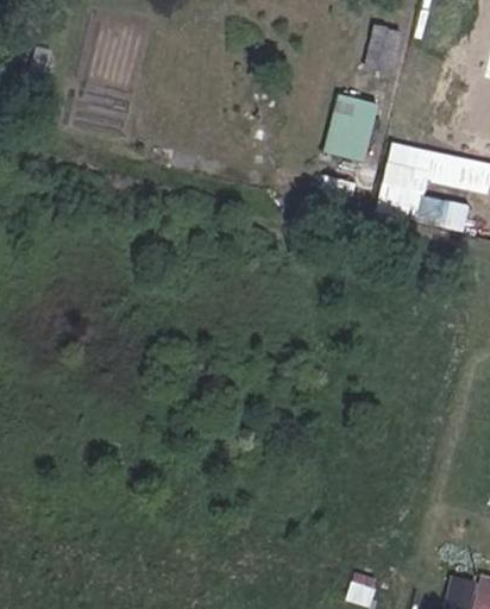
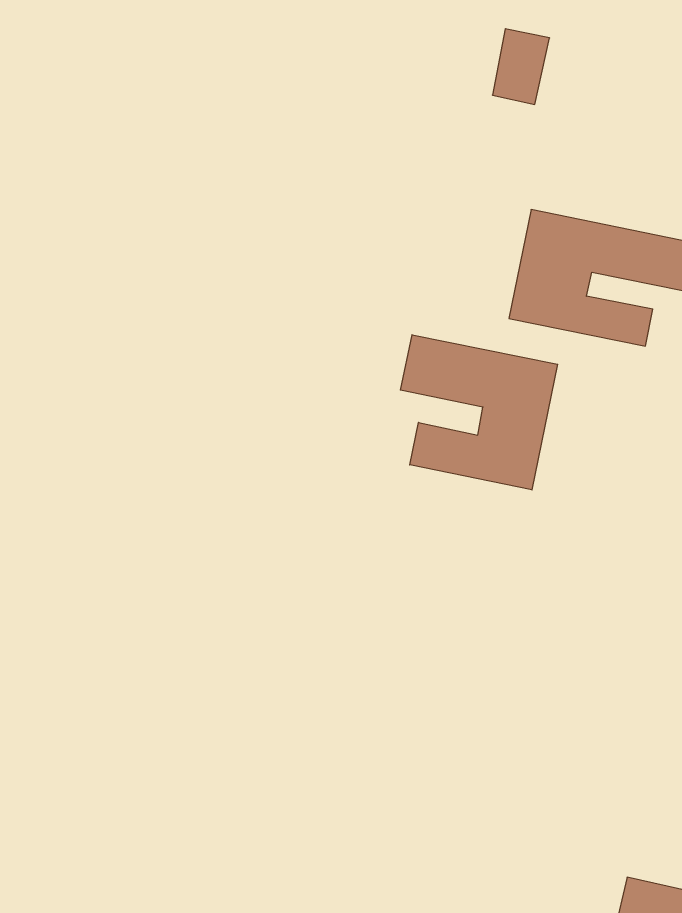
building: [327,95,377,161] -> none
building: none -> [400,335,558,490]

